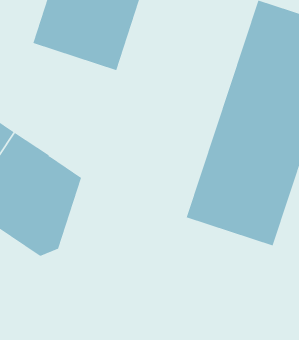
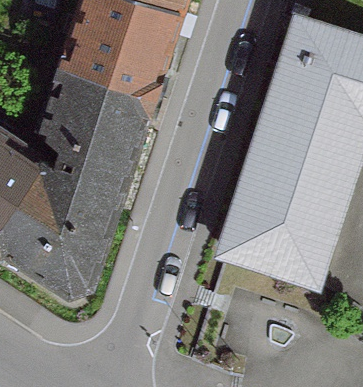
building: none -> [37,67,148,209]

